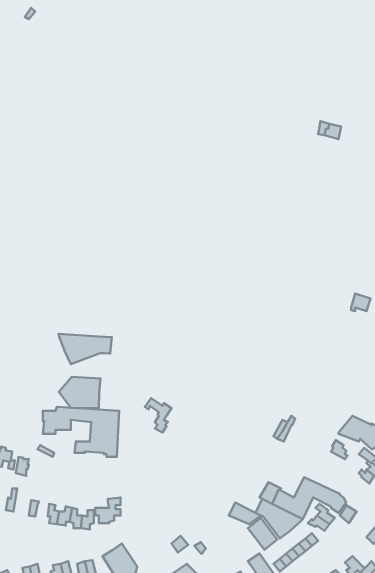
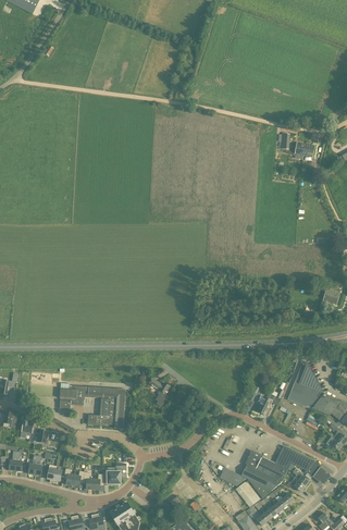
building: [58,334,112,364] -> none
building: [59,377,101,408] -> none
building: none -> [286,361,323,407]

